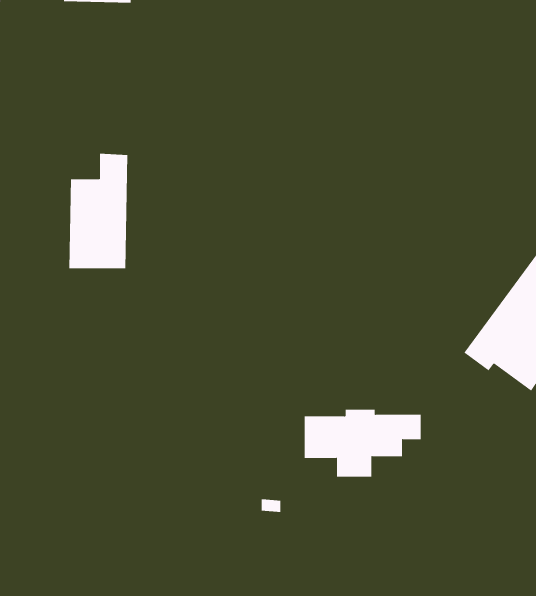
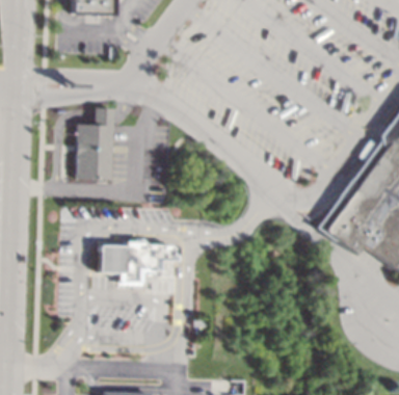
building: [304,409,421,477] -> [102,241,174,283]

